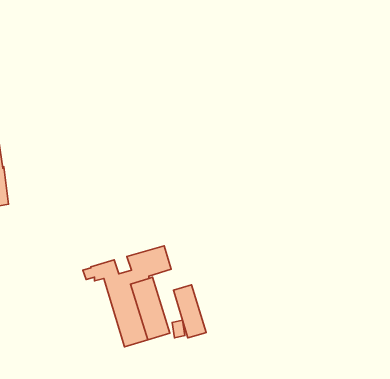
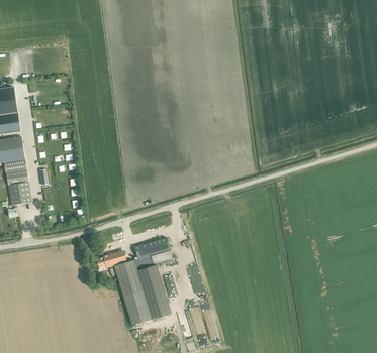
building: [174,285,206,338] -> none

